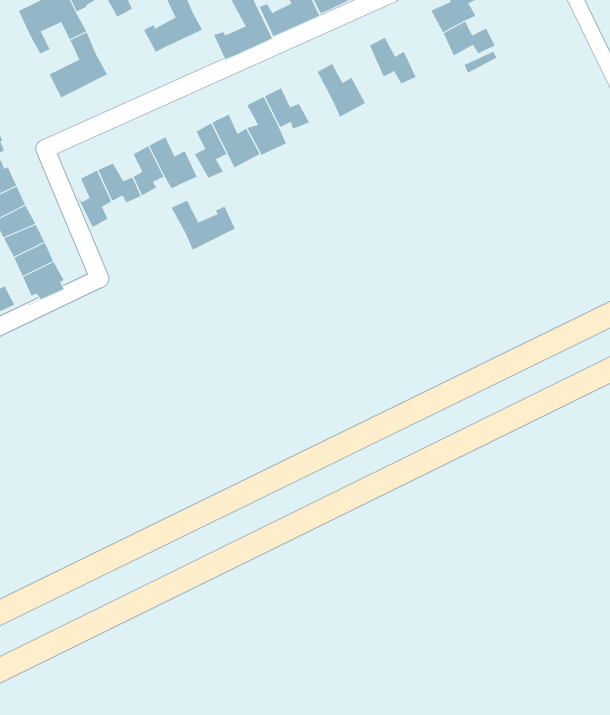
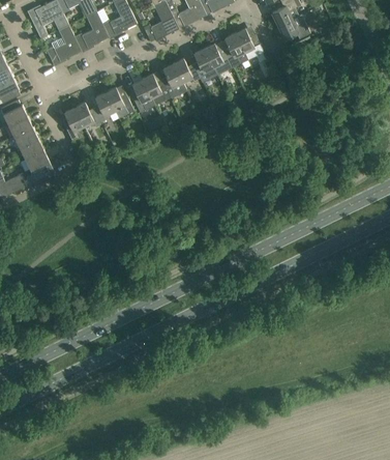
building: none -> [73,11,110,51]
building: none -> [224,33,247,67]
building: none -> [193,49,217,83]
building: [171,200,235,250] -> none

